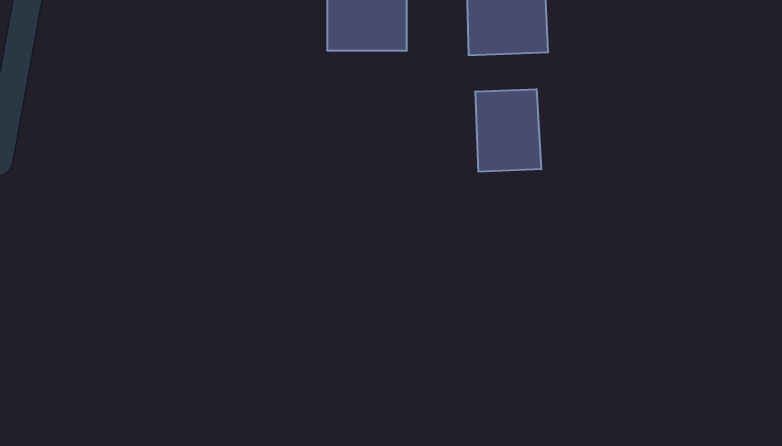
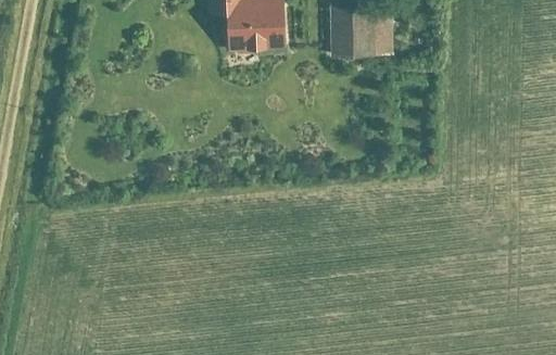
building: [475,89,541,172] -> none

